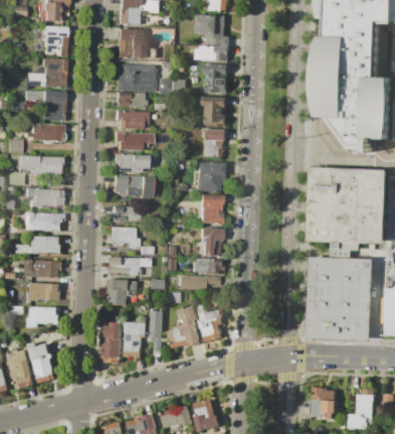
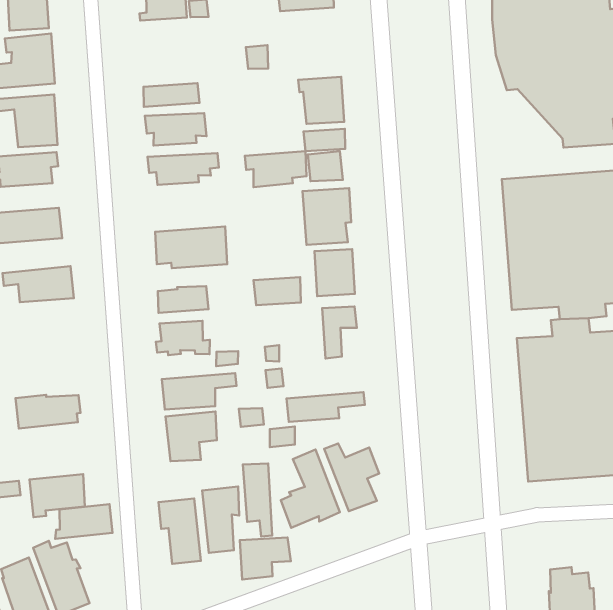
building: [117,63,157,92] -> none
building: [203,64,228,95] -> none
building: [114,154,148,172] -> [245,151,306,187]
building: [27,212,63,229] -> none
building: [30,236,61,253] -> none
building: [194,258,220,273] -> [253,277,301,305]
building: [27,283,59,299] -> [55,504,112,539]
building: none -> [240,538,291,579]

